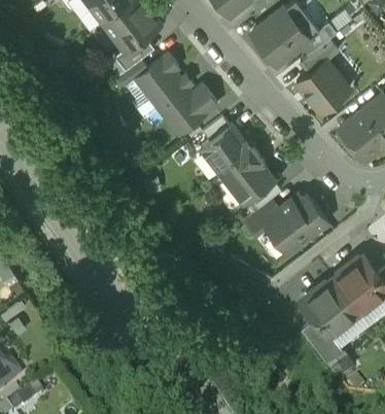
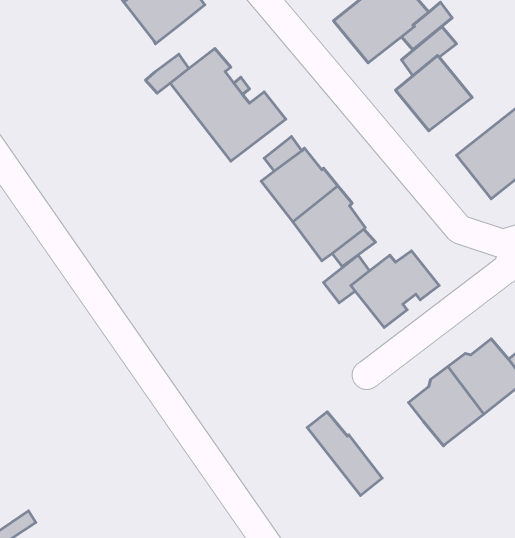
building: [113,36,154,71] -> none
building: [301,320,354,380] -> [307,412,382,496]

